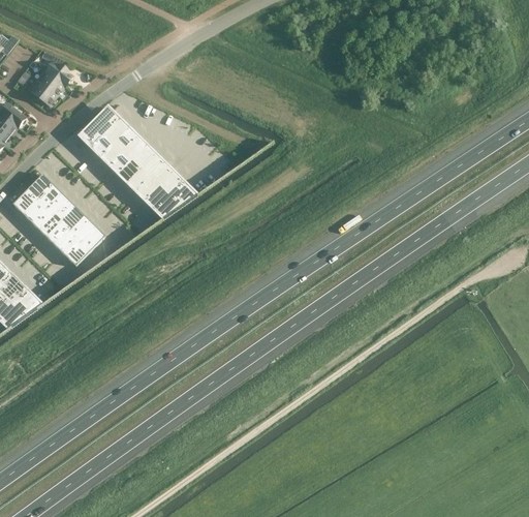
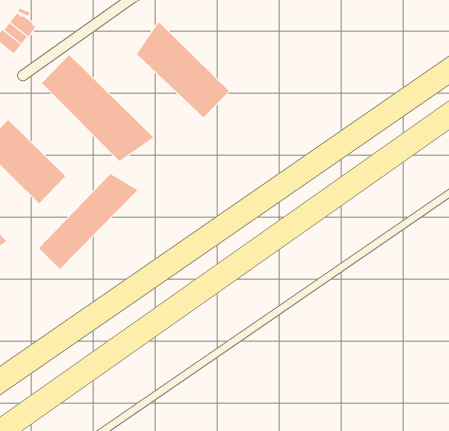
building: none -> [136,21,230,118]
building: none -> [38,173,138,270]

